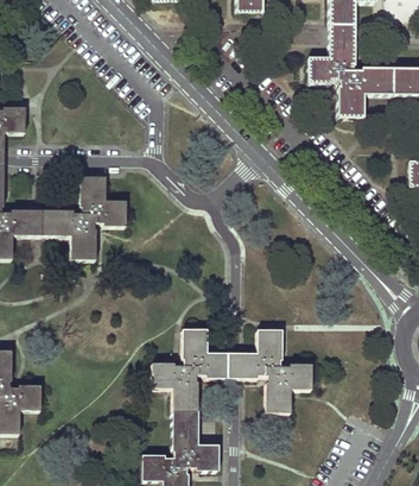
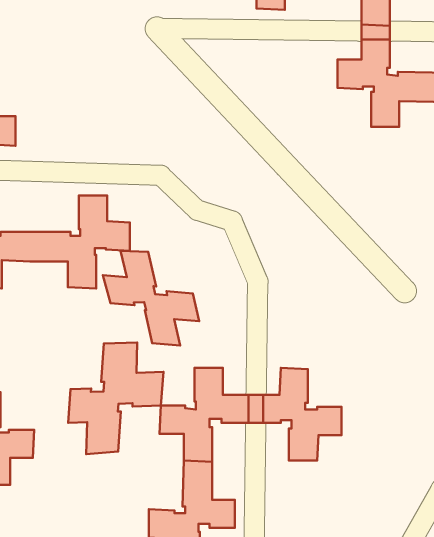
building: none -> [103,251,199,346]
building: none -> [68,343,163,454]

